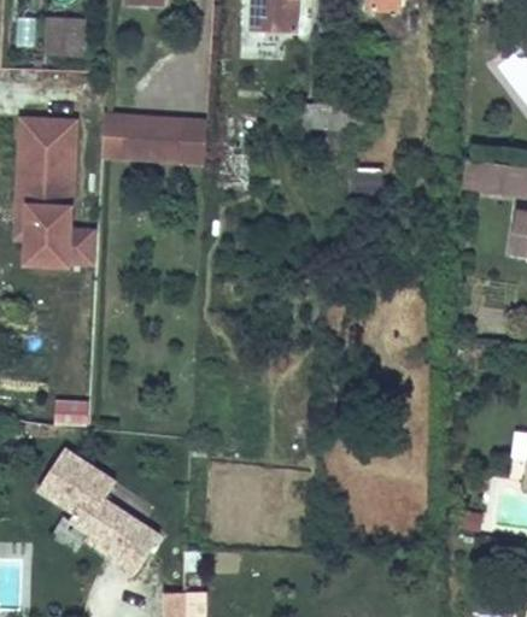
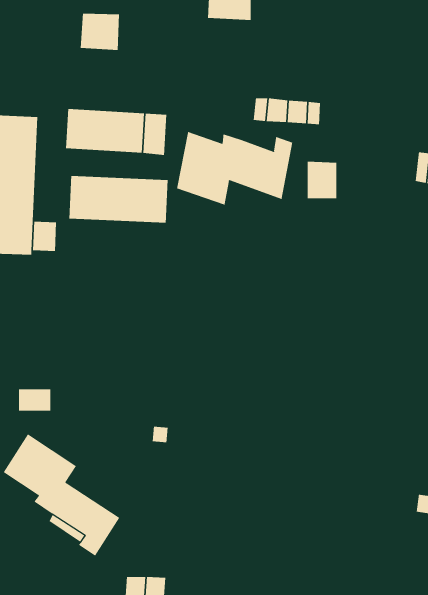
building: [45,18,86,57] -> [80,13,120,51]
building: none -> [177,131,293,206]
building: none -> [69,175,168,223]

